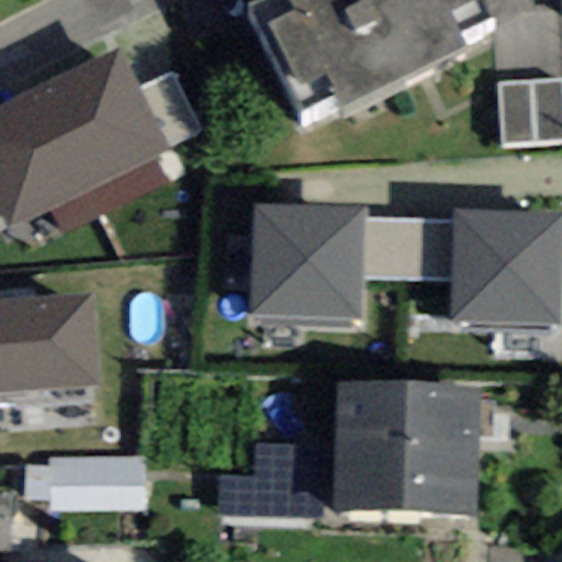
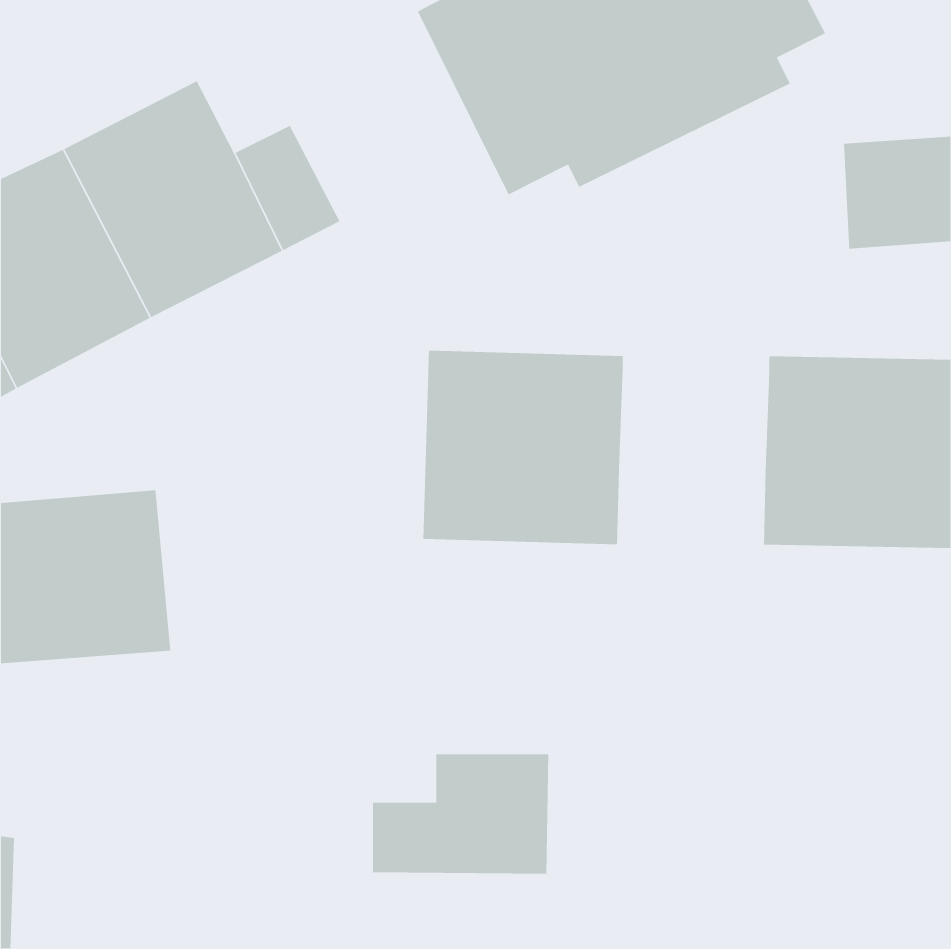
building: [366,217,453,278] -> none
building: [334,384,476,517] -> none
building: [23,456,146,512] -> none

